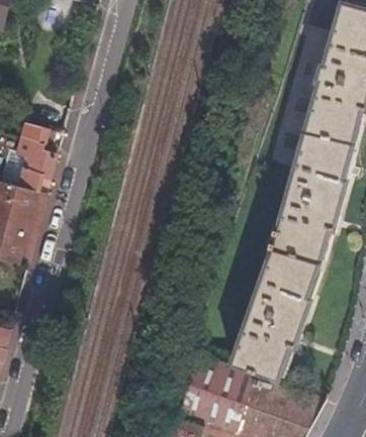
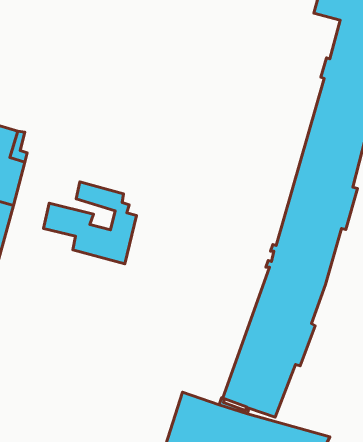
building: none -> [43,182,136,264]

